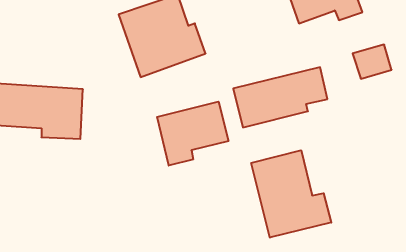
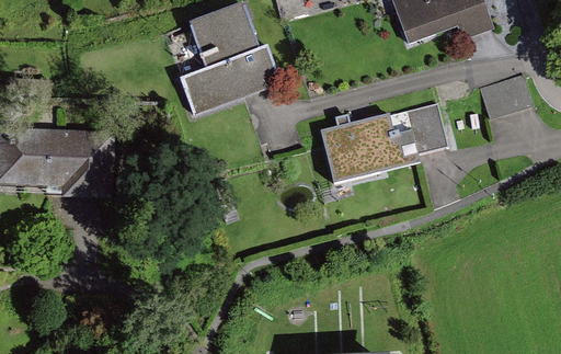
building: [157,102,228,166] -> none
building: [251,150,331,238] -> none

